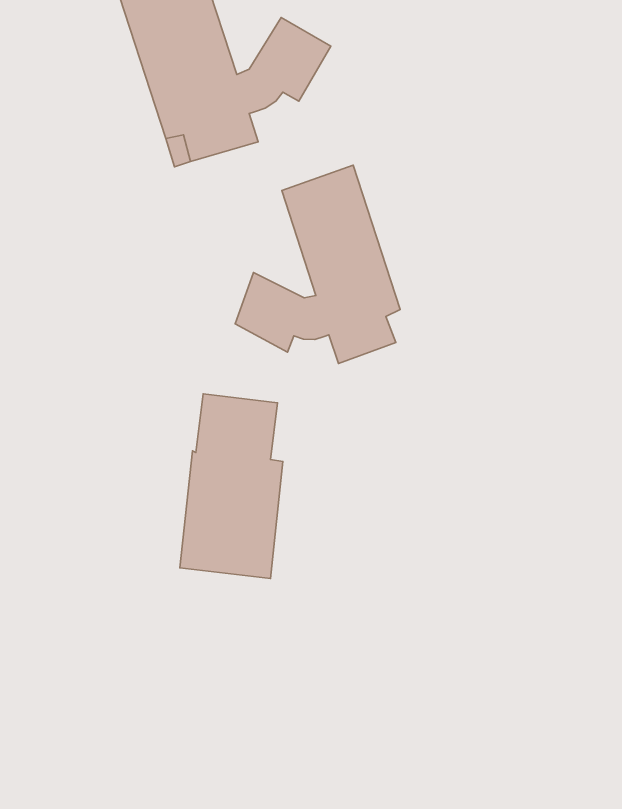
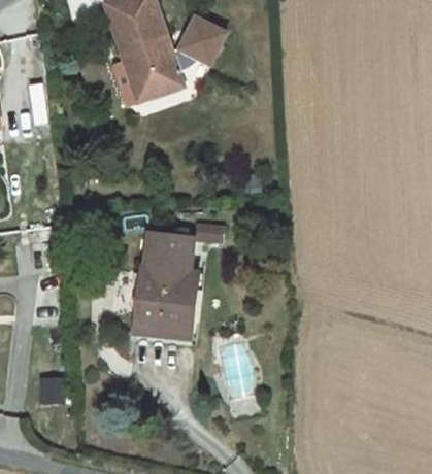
building: [235,165,400,364] -> none

